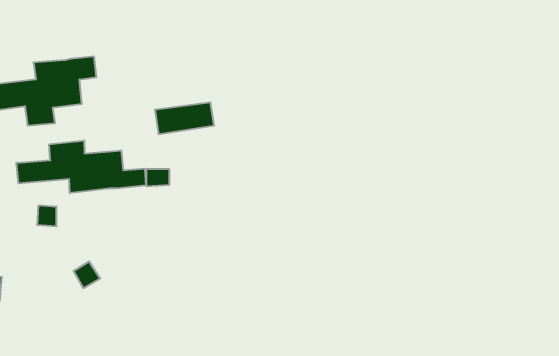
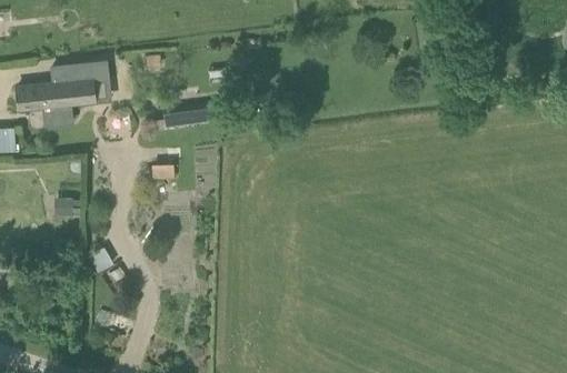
building: [16,140,146,193] -> none

